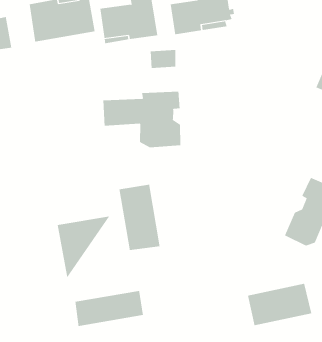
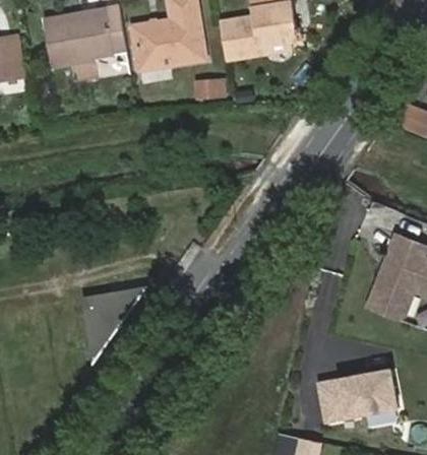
building: [103,91,181,148] -> none
building: [119,184,160,251] -> none
building: [75,290,144,327] -> none

